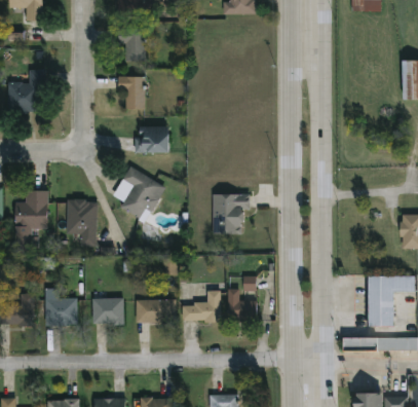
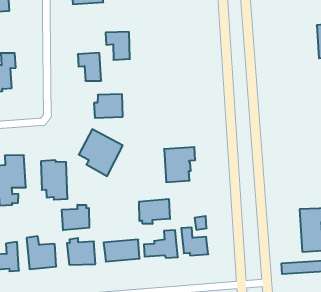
building: [118,28,146,61] -> [106,32,130,60]
building: none -> [139,199,170,224]
building: none -> [62,205,89,230]

